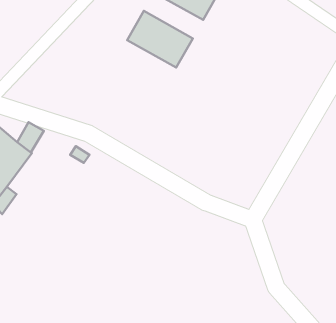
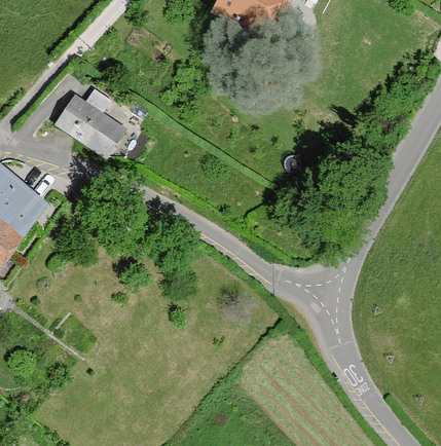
building: [127,11,193,68] -> none
building: none -> [59,95,123,153]

